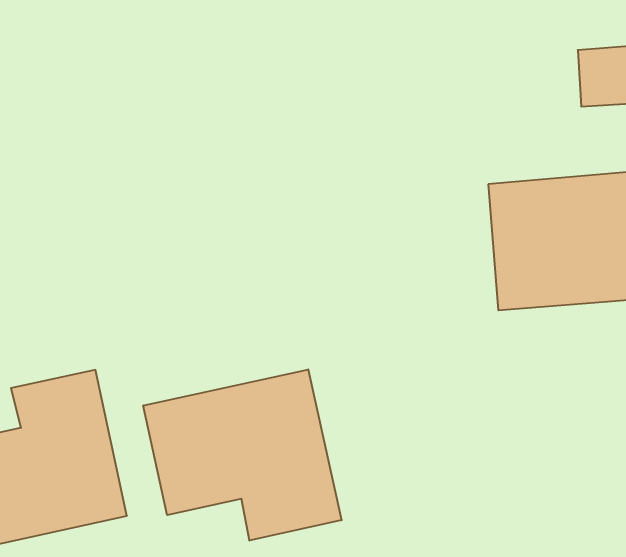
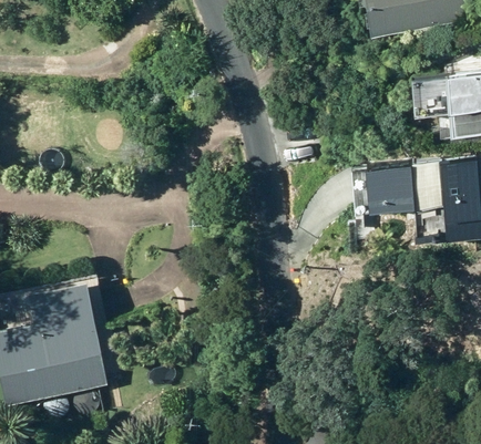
building: [143,369,342,541] -> none

